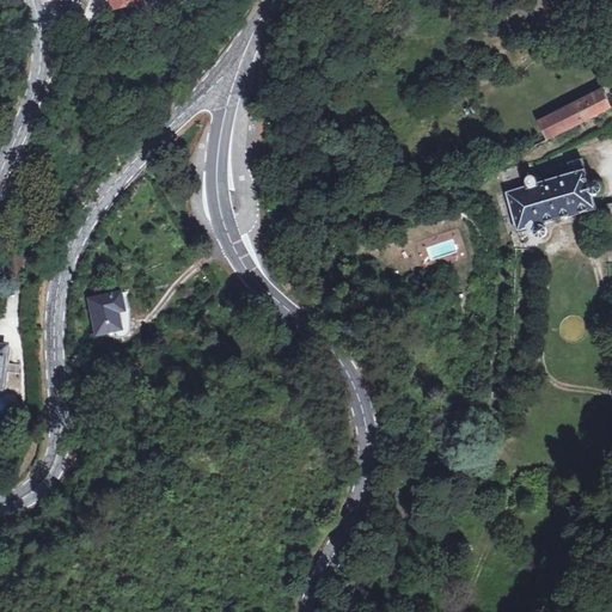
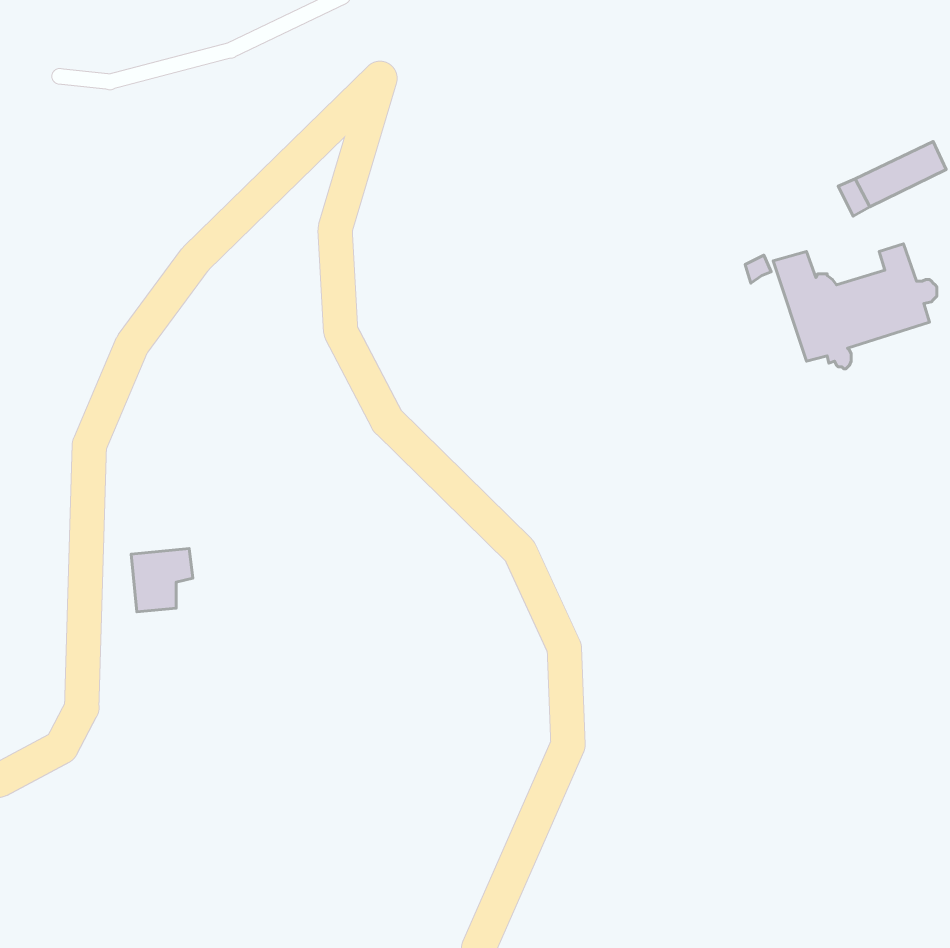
building: [87,288,127,329] -> [131,549,193,612]

